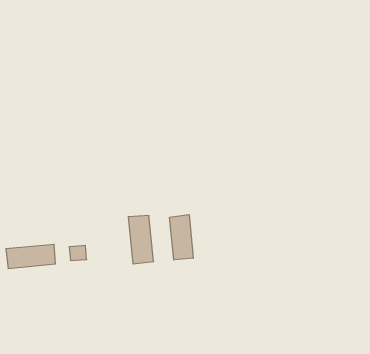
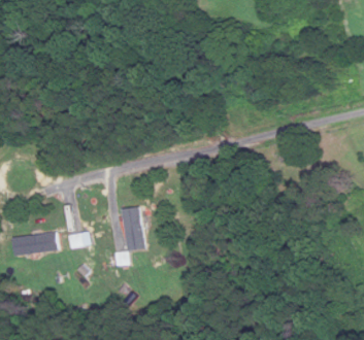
building: [170,215,193,260] -> none

